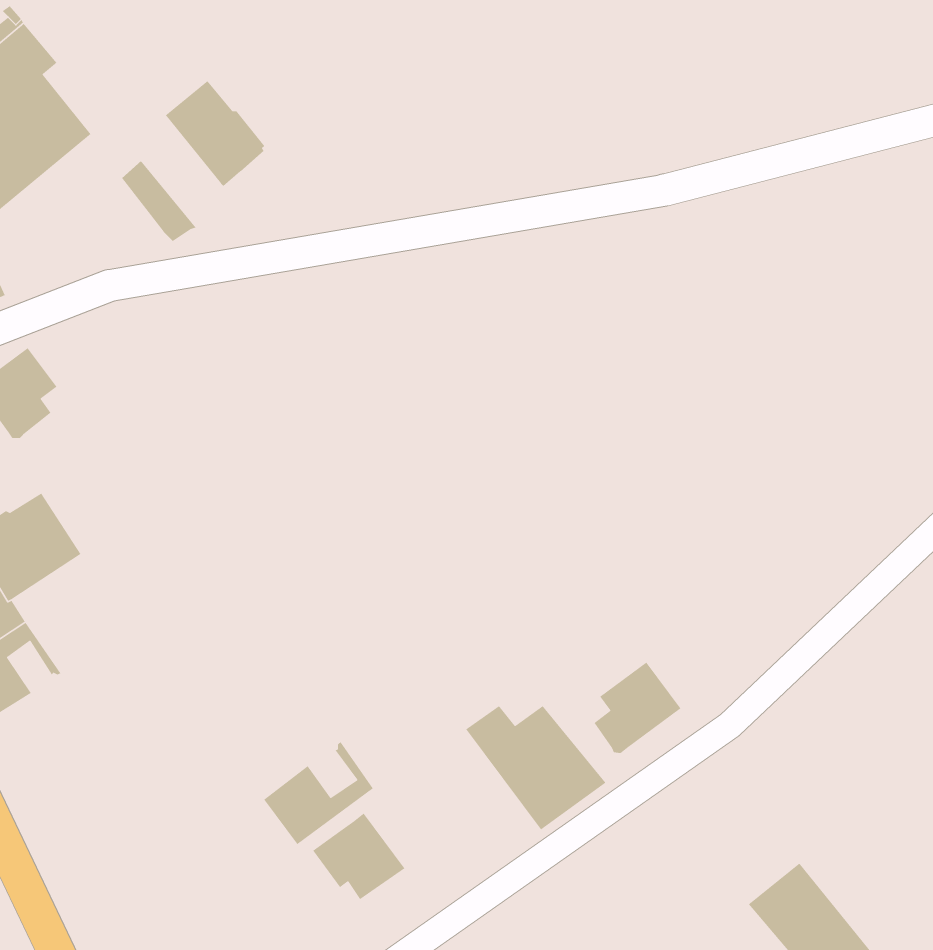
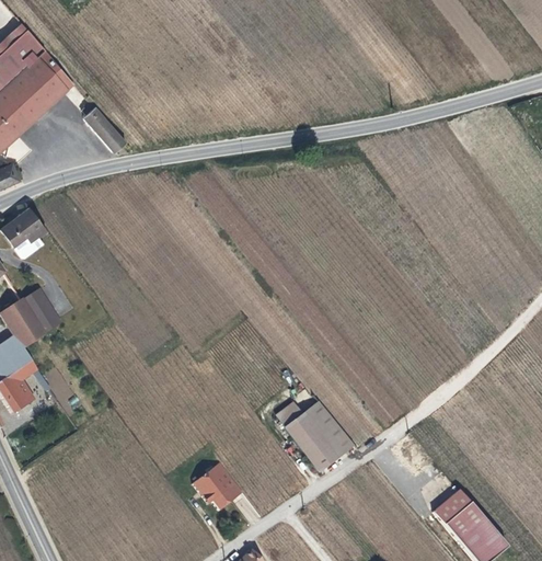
building: [165,80,265,187] -> none
building: [593,662,681,754] -> none
building: [263,741,374,845] -> none

